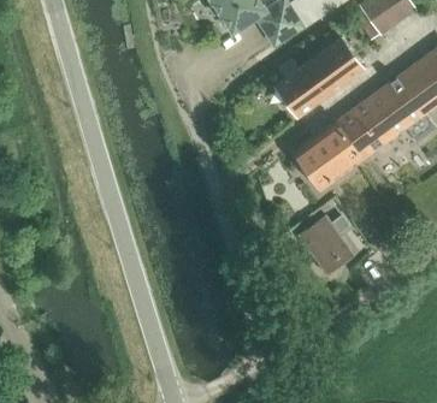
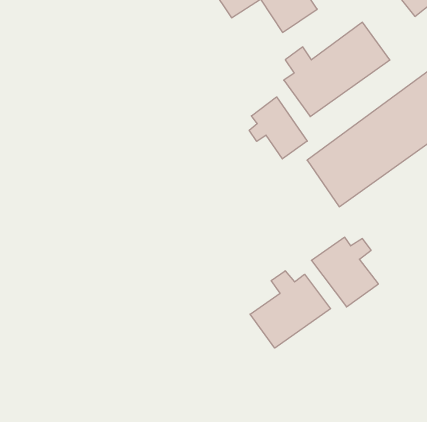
building: none -> [249,97,307,159]
building: none -> [250,271,331,348]

